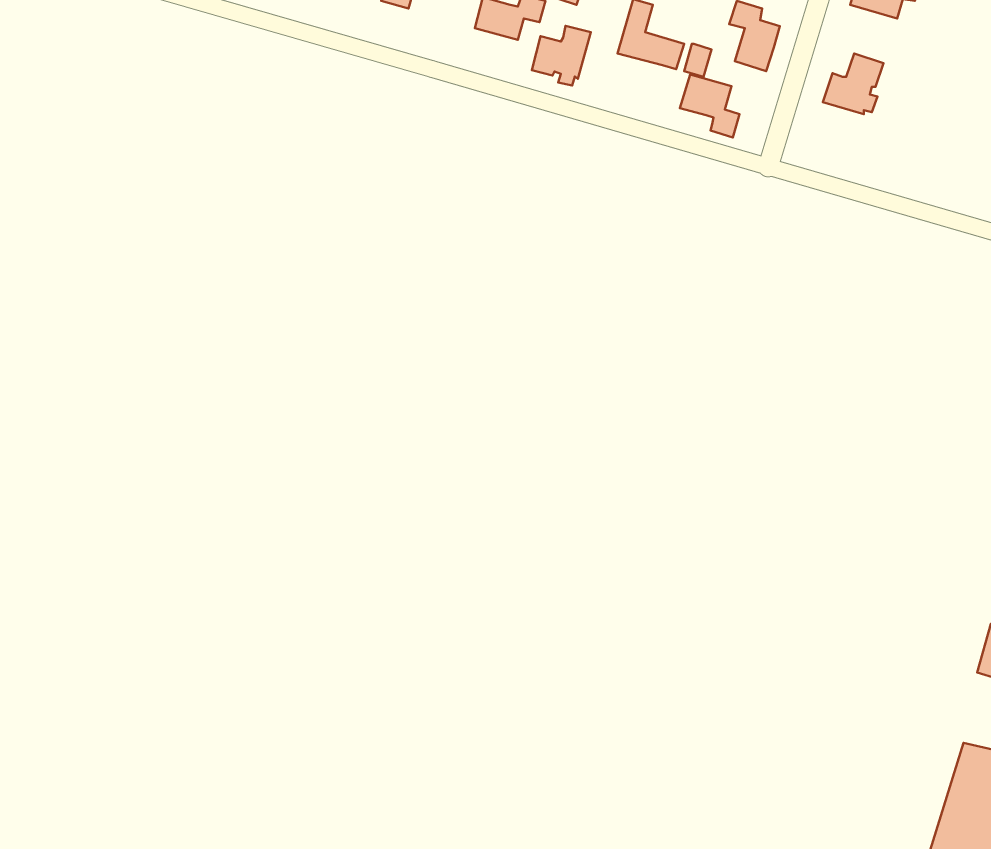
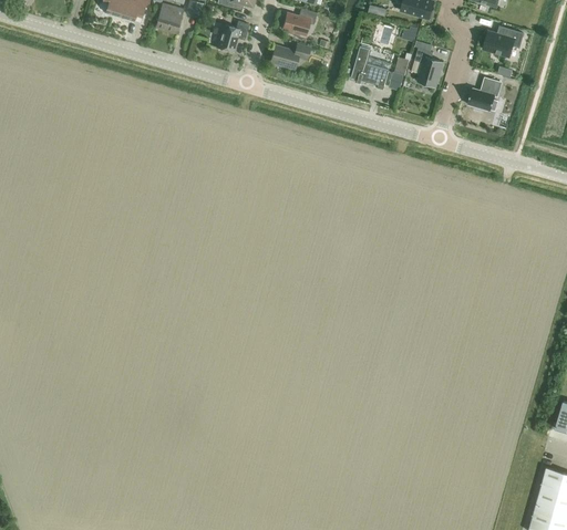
building: [532,26,591,85] -> none
building: [680,74,740,138] -> none

